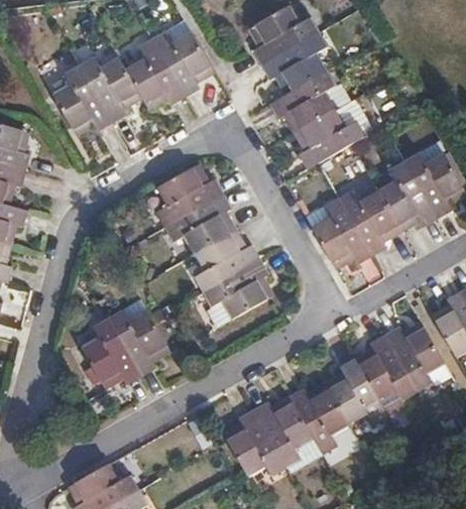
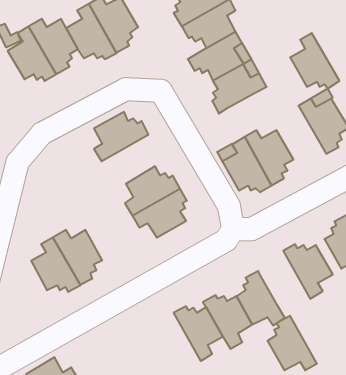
building: [376,160,436,227] -> [290,33,339,88]
building: [165,195,230,254] -> none
building: [357,335,417,400] -> [267,316,317,370]
building: [227,409,284,475] -> none

